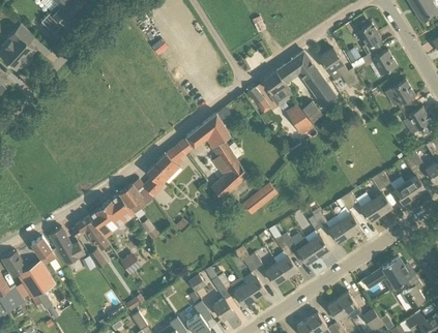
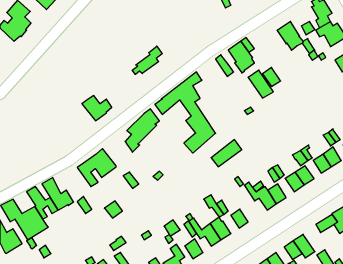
building: [289,52,338,108] -> none
building: none -> [132,46,162,74]
building: [118,185,152,214] -> [82,96,112,121]
building: [70,216,109,252] -> none
building: [273,237,296,278] -> none

